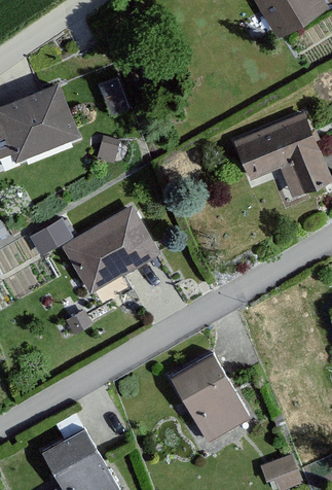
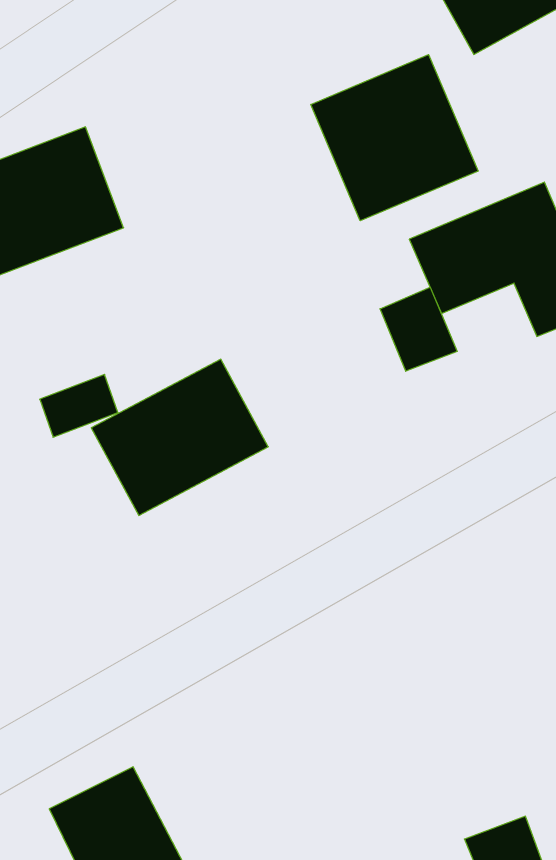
building: none -> [311,55,478,221]
building: none -> [380,287,457,371]
building: [169,354,251,446] -> none

